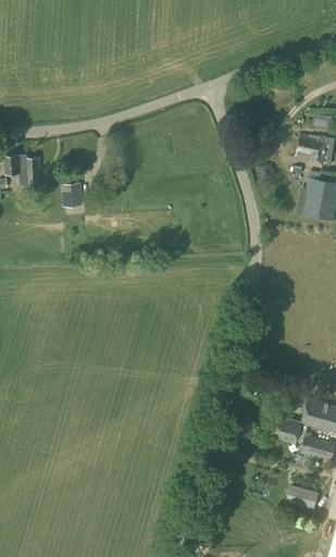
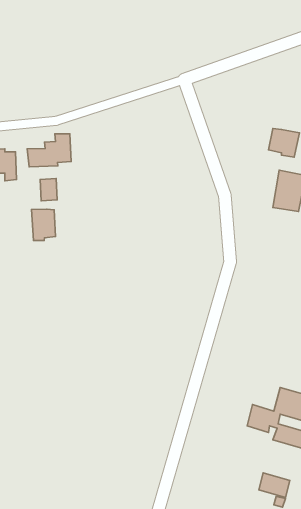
building: none -> [27,134,71,167]
building: none -> [31,209,55,241]

